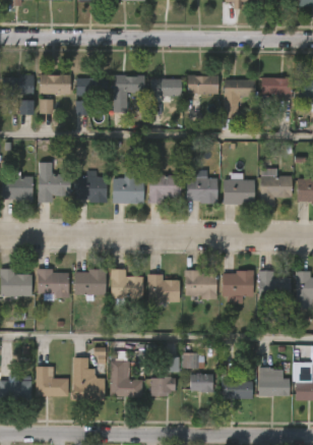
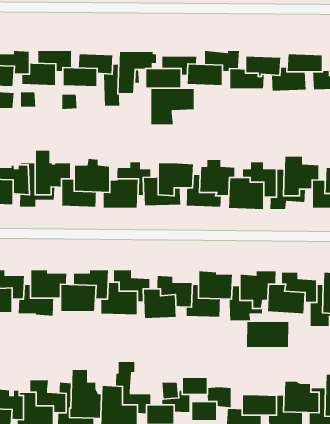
building: none -> [151,88,194,125]
building: none -> [246,321,289,348]

